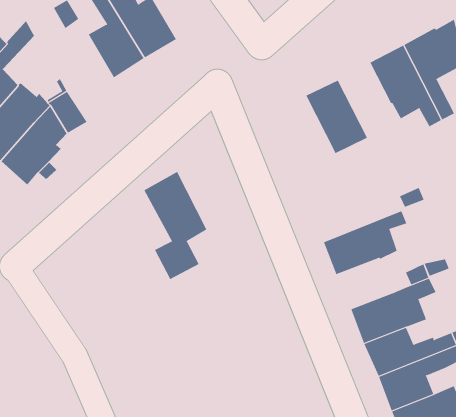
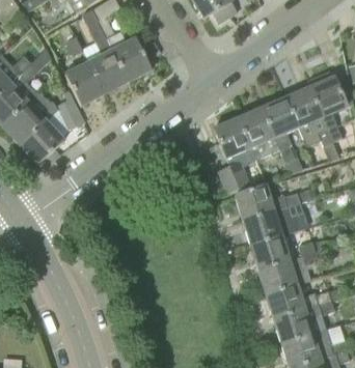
building: none -> [65,62,105,106]
building: none -> [263,97,298,163]
building: [143,171,207,280] -> [214,117,256,193]
building: none -> [235,186,300,221]
building: none -> [250,235,290,270]

